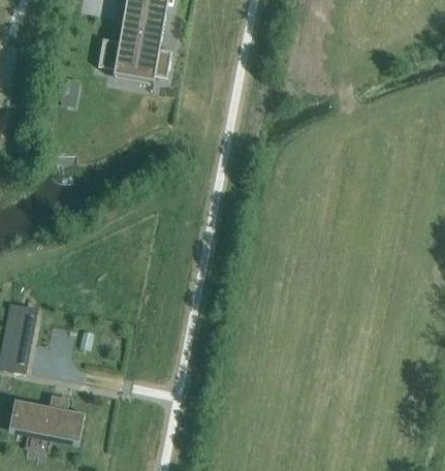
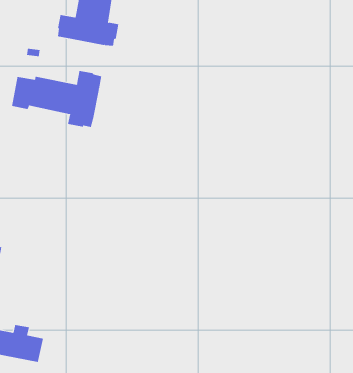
building: none -> [11,70,102,128]

